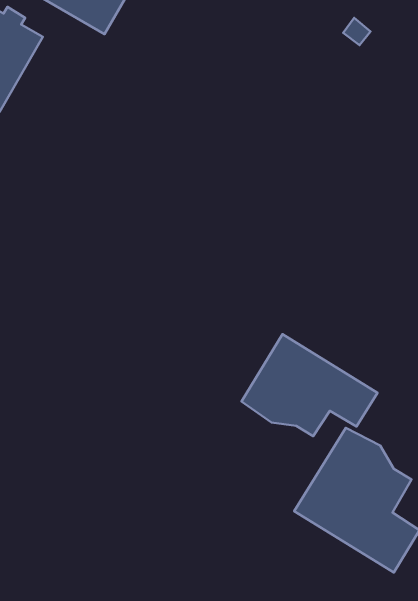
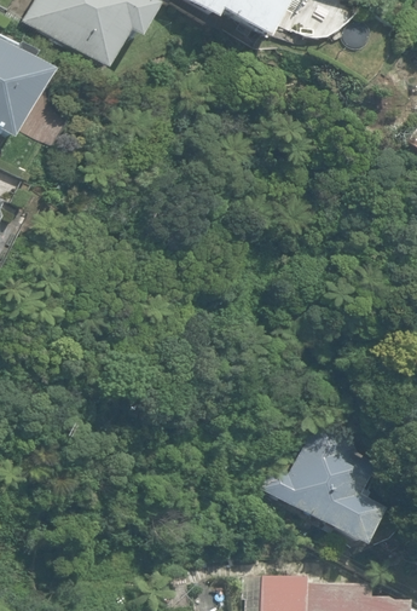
building: [242,334,378,436] -> none

